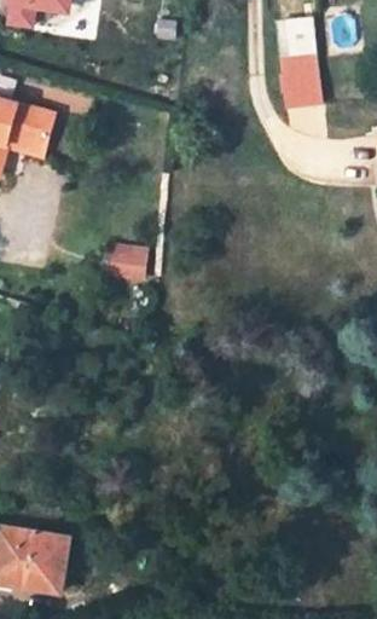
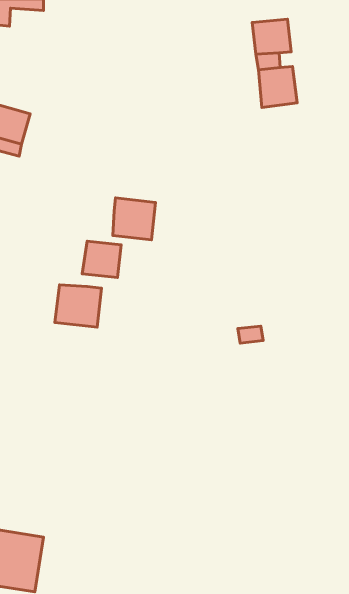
building: none -> [113,198,156,240]
building: none -> [55,285,102,327]

